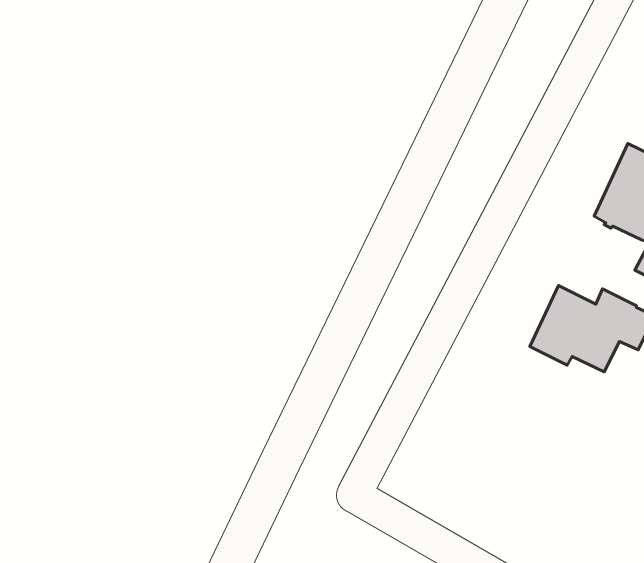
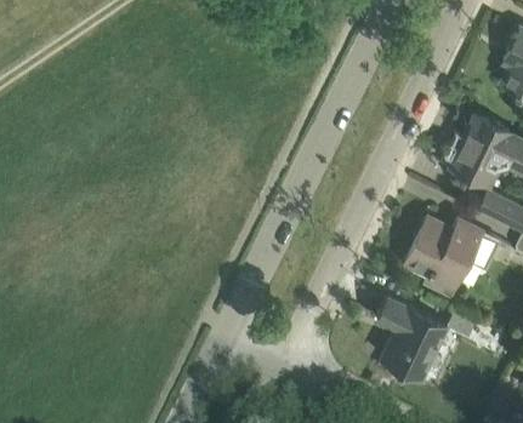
building: none -> [376,298,447,378]

